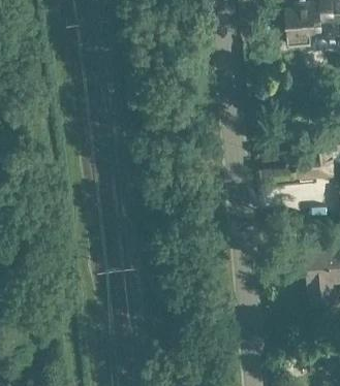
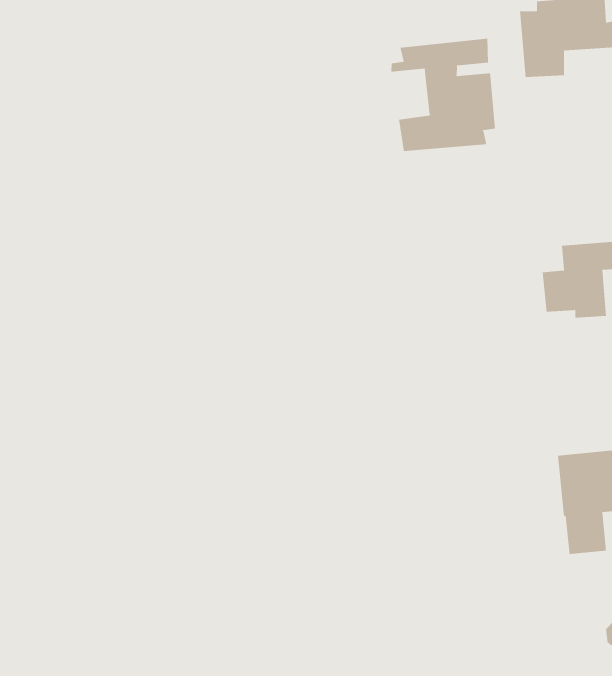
building: none -> [391,38,496,152]

